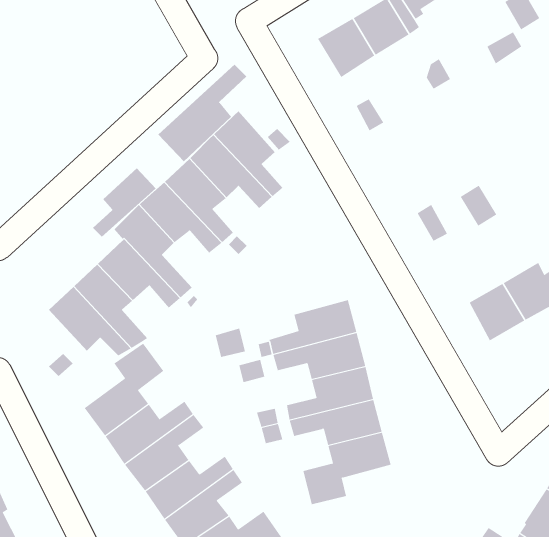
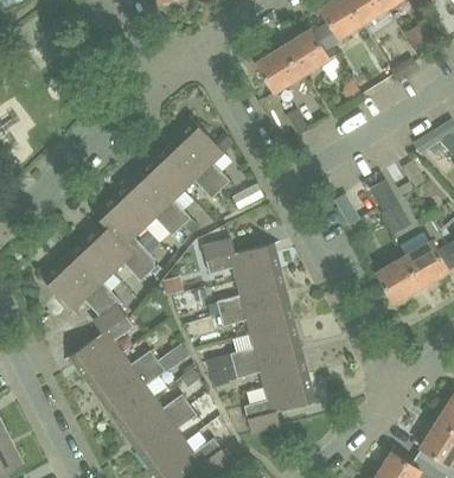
building: [157,64,247,162] -> none
building: [92,167,157,238] -> none
building: none -> [202,240,280,282]

